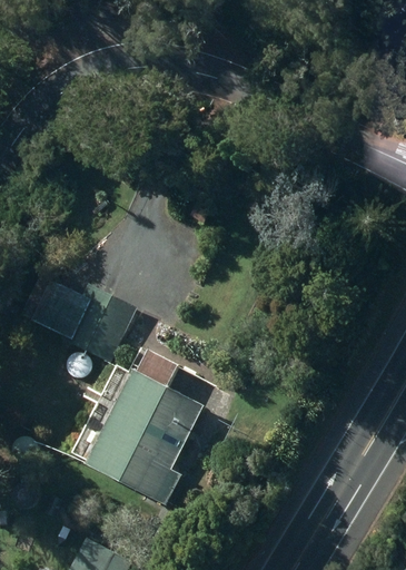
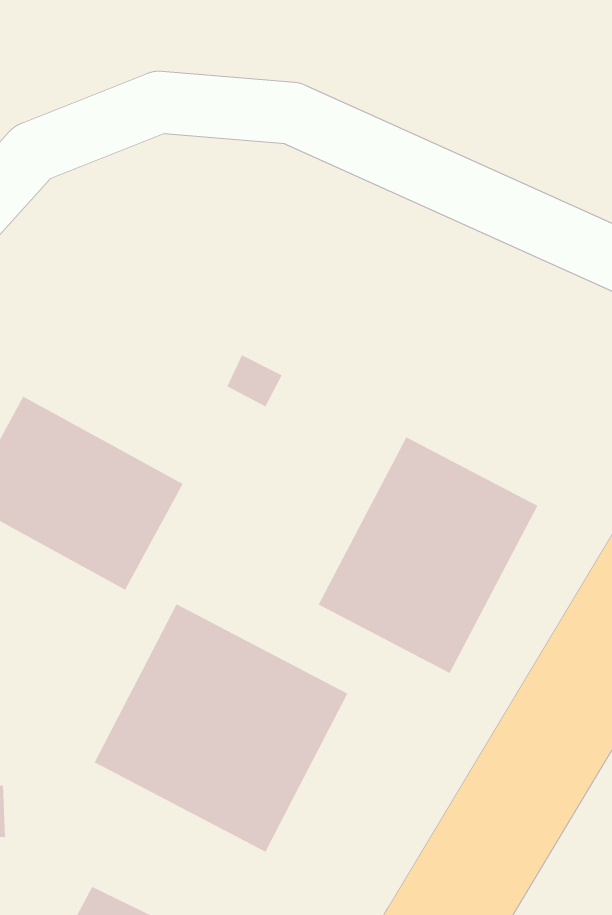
building: none -> [318,436,538,674]

